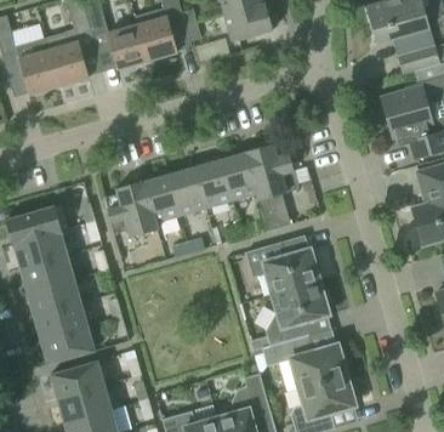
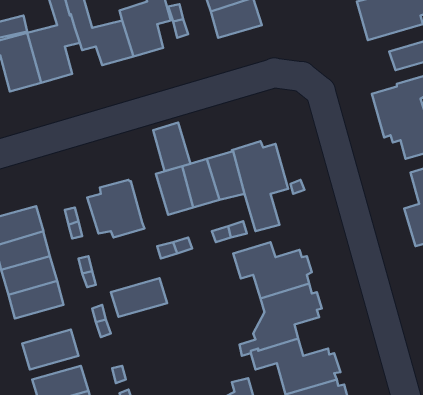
building: [146,175,182,222] -> [153,123,191,171]
building: [33,302,87,340] -> [111,278,167,317]

